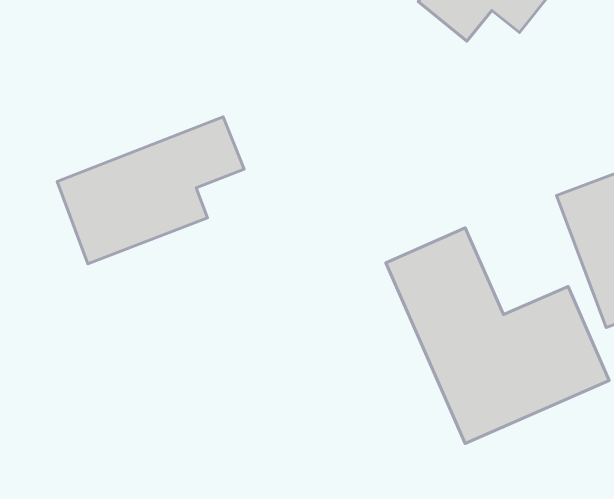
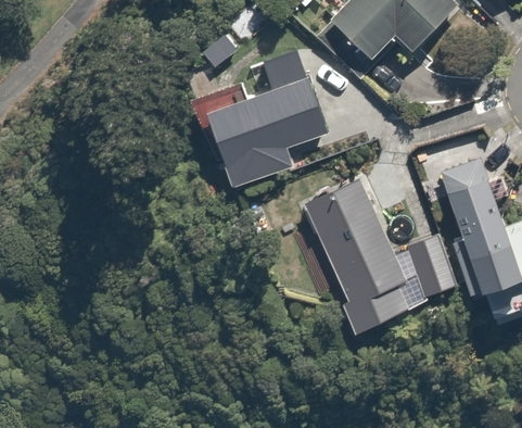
building: none -> [207,48,332,182]
building: [57,117,244,264] -> none

